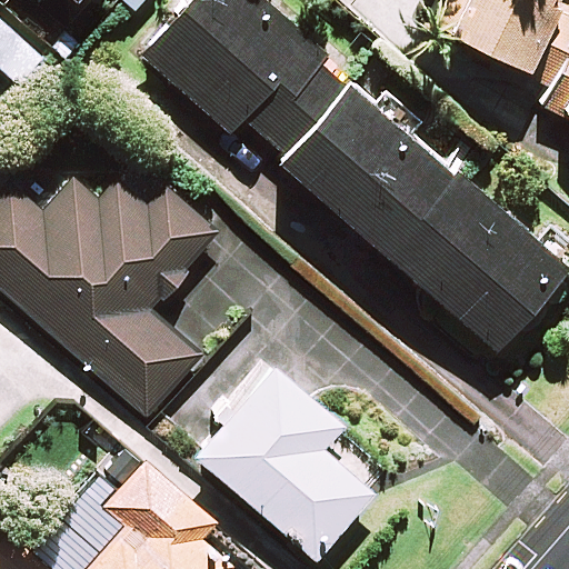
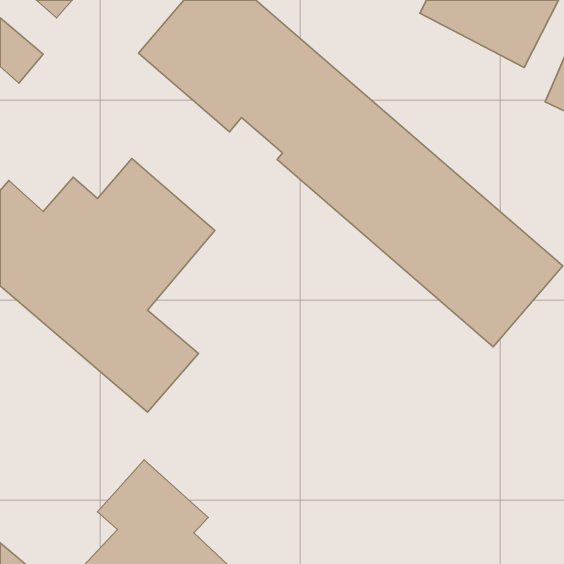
building: [198,367,372,559] -> none

